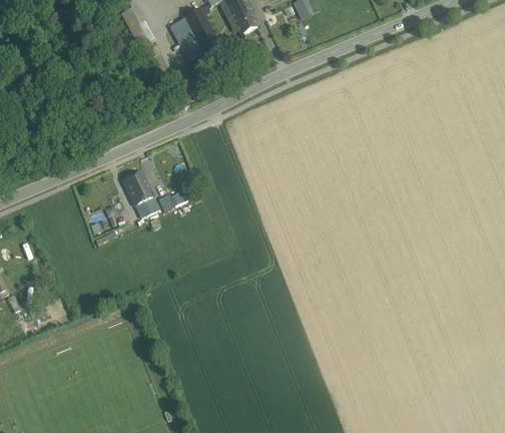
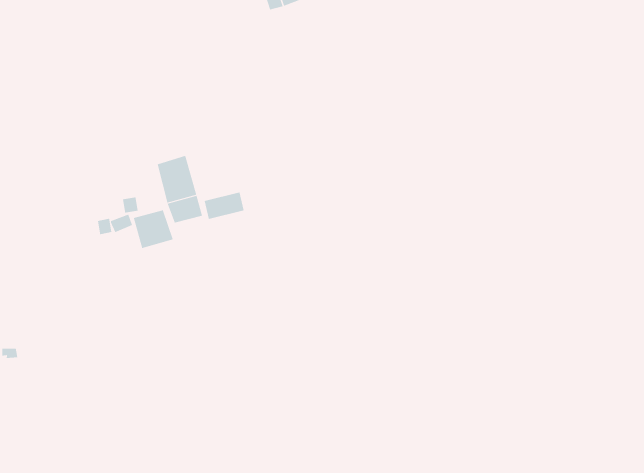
building: none -> [133,209,173,249]

